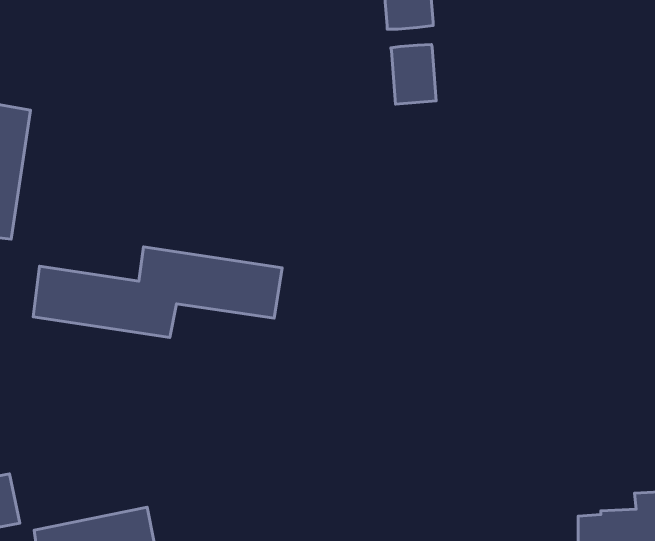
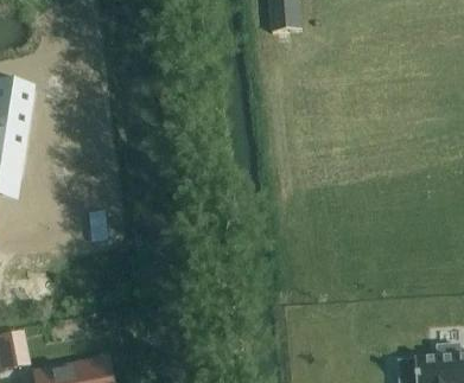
building: [391,45,436,104] -> none
building: [33,247,282,337] -> none

